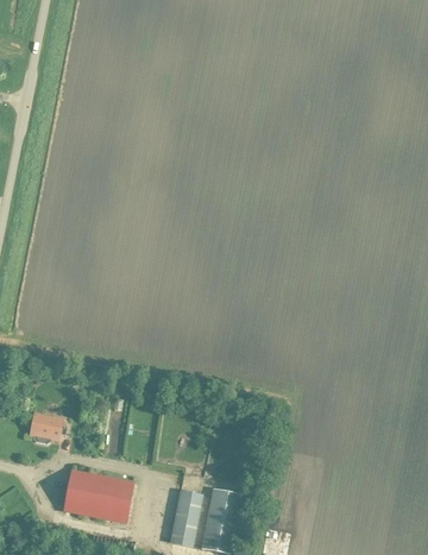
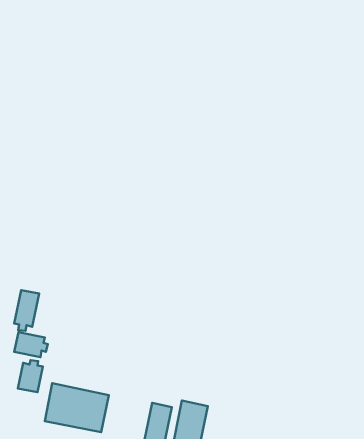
building: none -> [14,290,39,331]
building: none -> [18,360,43,392]

